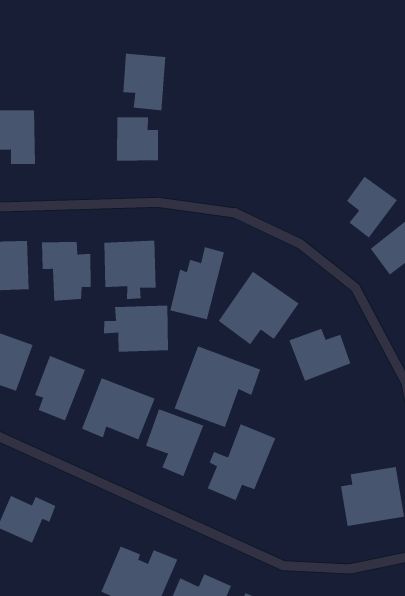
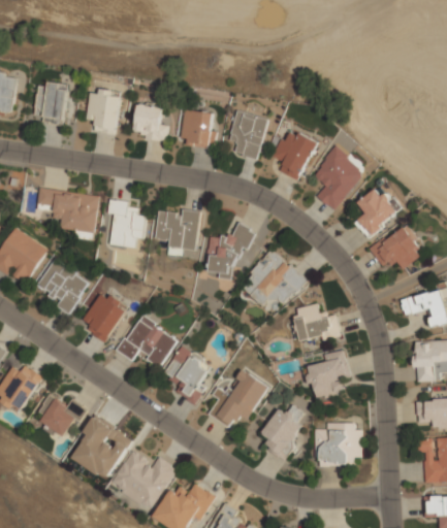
building: [123,53,166,111] -> [229,109,268,160]
building: none -> [133,103,169,141]
building: none -> [274,129,317,182]
building: none -> [313,148,365,211]
building: [103,305,169,353] -> none
building: [174,345,261,428] -> none
building: none -> [306,350,351,399]
building: none -> [262,404,310,459]
building: none -> [72,415,132,478]

